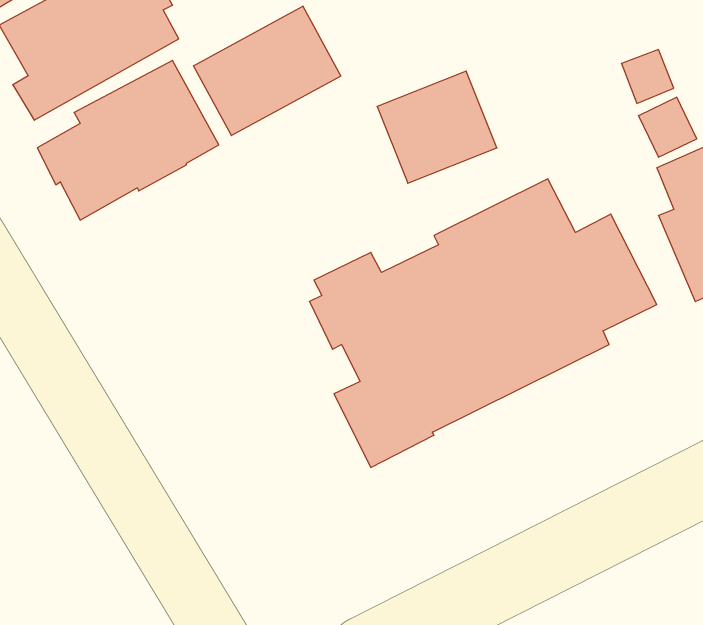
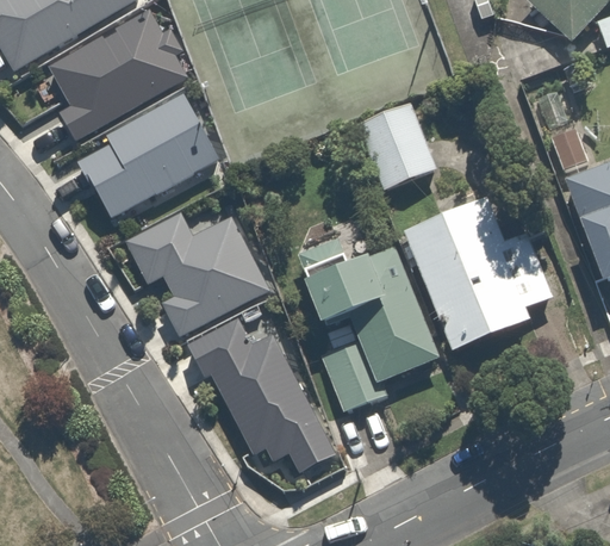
building: [194,6,341,136] -> none
building: none -> [129,216,272,339]
building: none -> [191,321,337,474]

